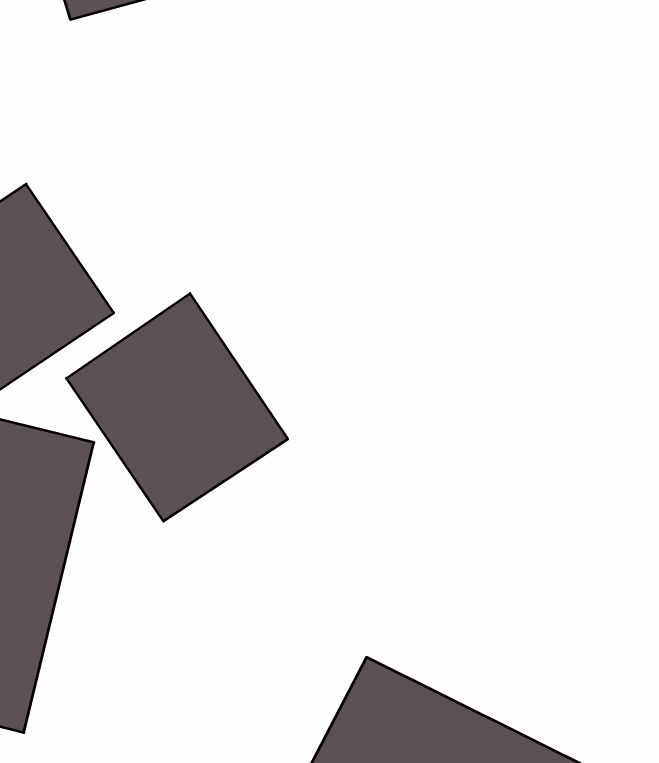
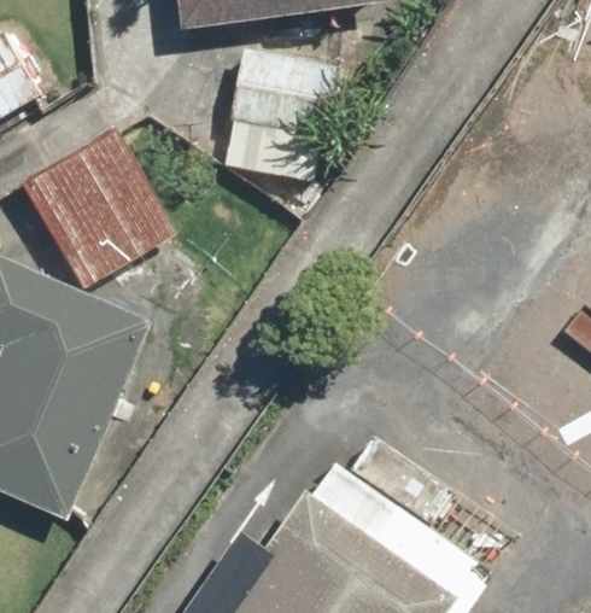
building: none -> [230,49,333,175]
building: [66,293,288,521] -> none

